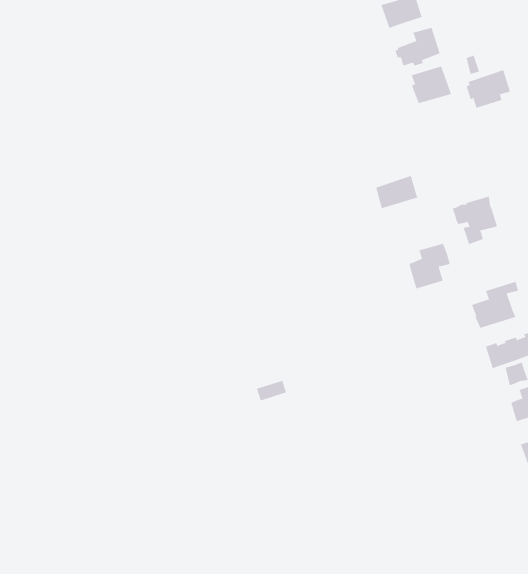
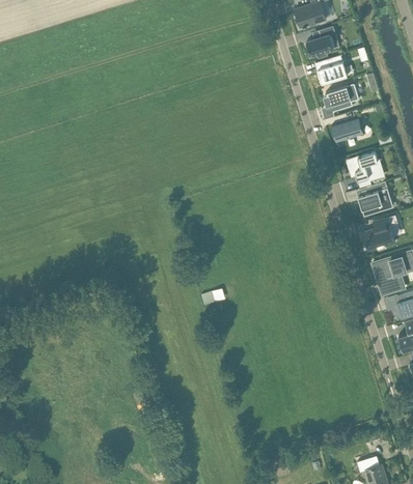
building: [466,69,511,108] -> [325,83,358,112]
building: [374,175,419,209] -> [330,117,363,142]
building: [409,243,451,289] -> [358,181,389,216]

